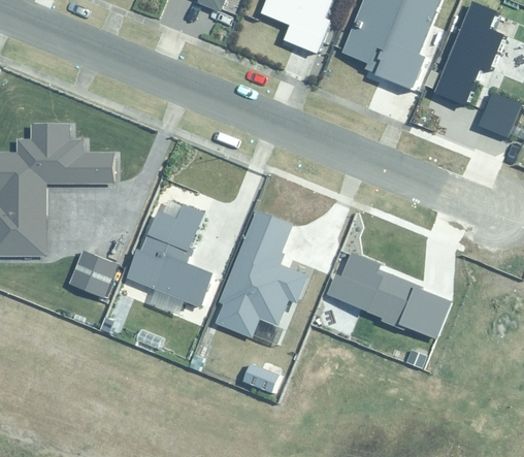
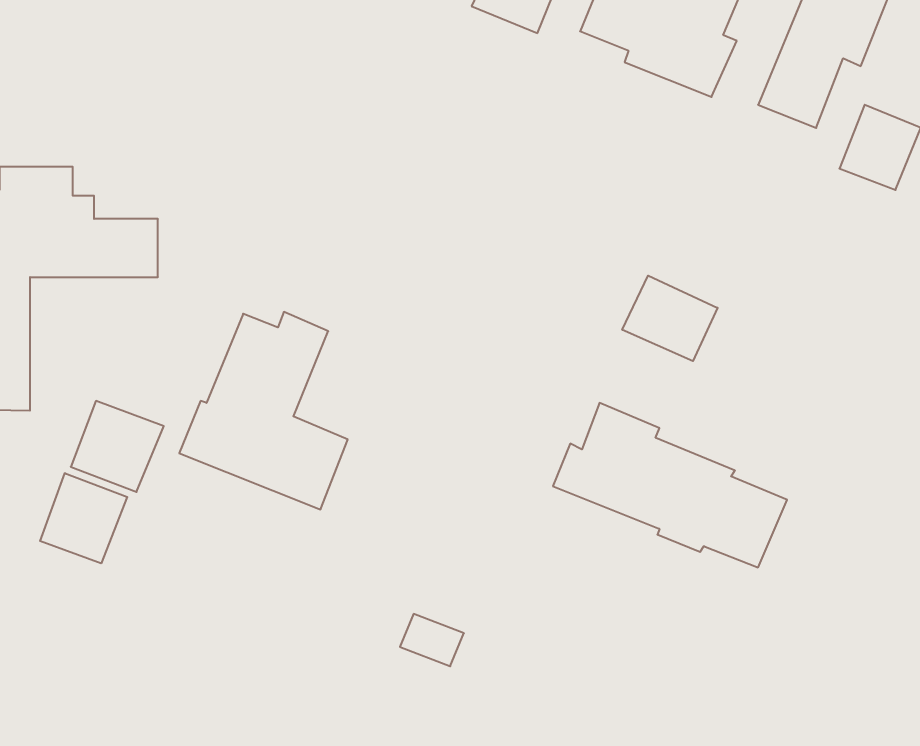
building: none -> [622,276,718,361]
building: [215,209,310,337] -> none
building: none -> [40,473,127,563]

